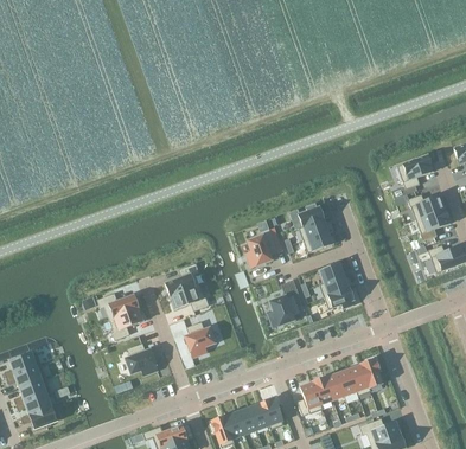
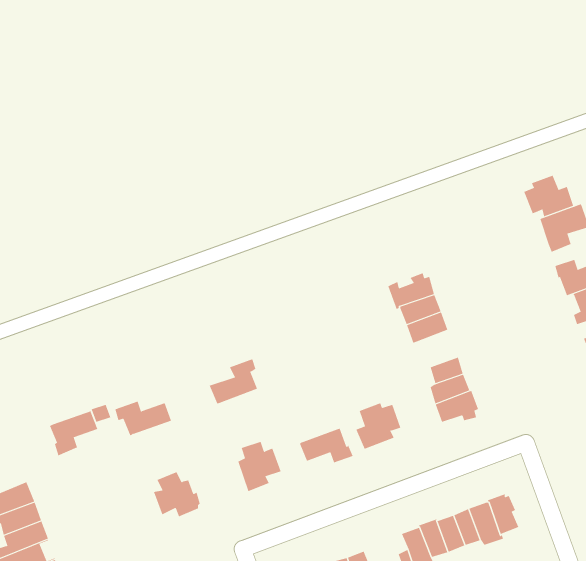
building: none -> [524,175,574,217]
building: [247,229,277,267] -> none
building: [171,284,209,309] -> [300,428,354,463]
building: [109,307,143,339] -> [49,411,98,456]

